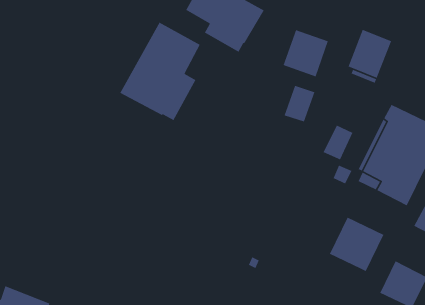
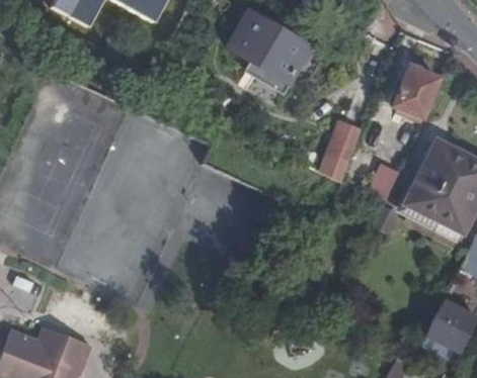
building: [119,21,201,121] -> none
building: [283,29,329,77] -> none
building: [329,217,384,272] -> none

